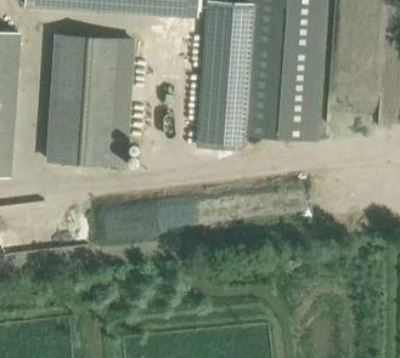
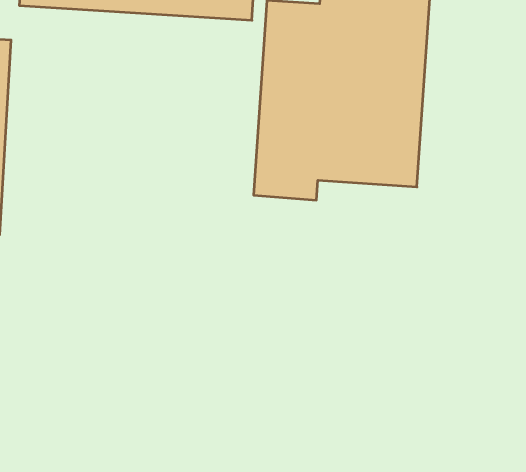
building: [50,36,134,166] -> none

